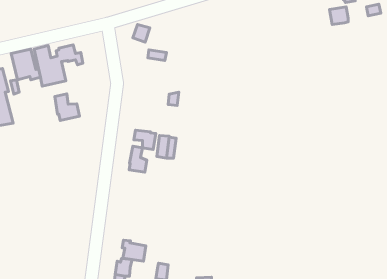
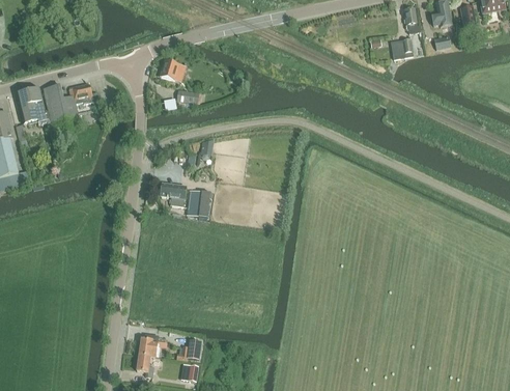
building: [55,94,80,121] -> none
building: [129,146,147,172] -> none
building: [122,240,146,261] -> none

